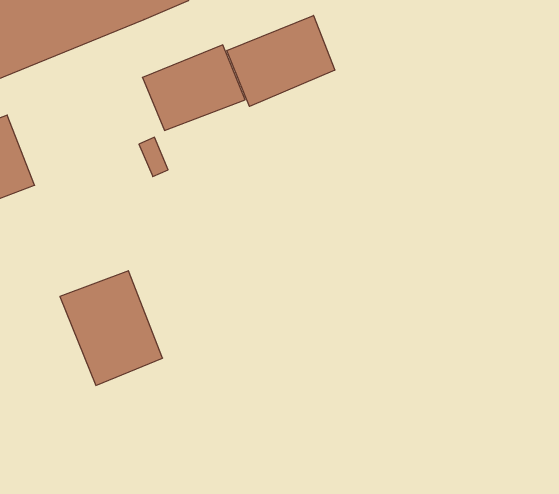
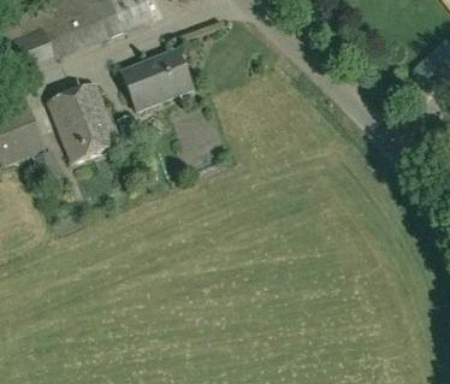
building: [227,15,335,106] -> none
building: [60,271,163,385] -> [47,82,119,163]

